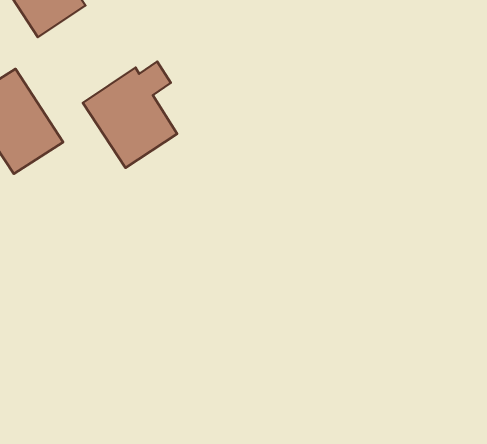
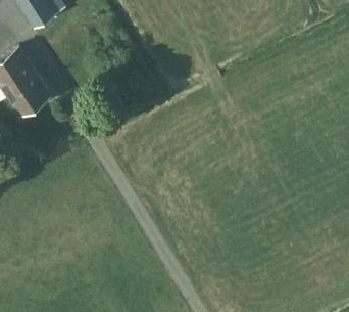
building: [83,62,177,168] -> none

